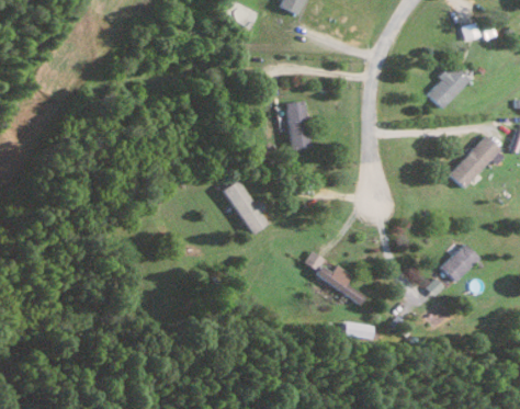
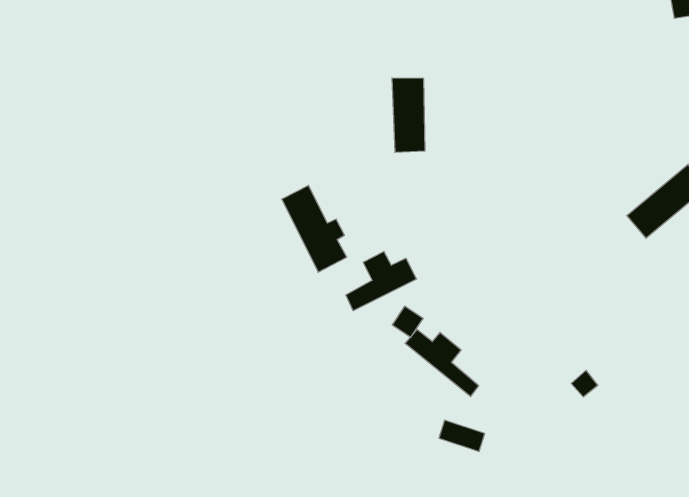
building: [426,65,468,110] -> none
building: none -> [346,251,417,311]
building: [440,245,479,283] -> none

